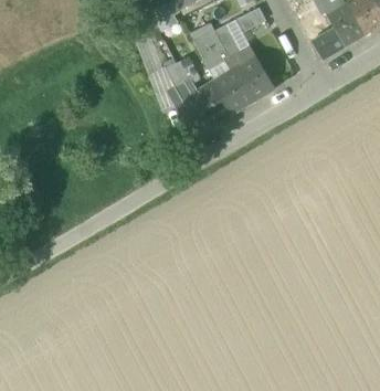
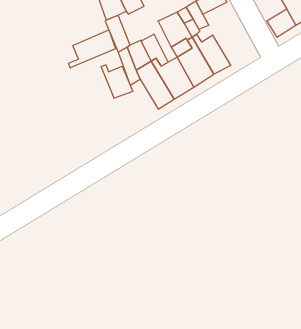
building: none -> [68,30,116,68]
building: none -> [101,65,133,98]

